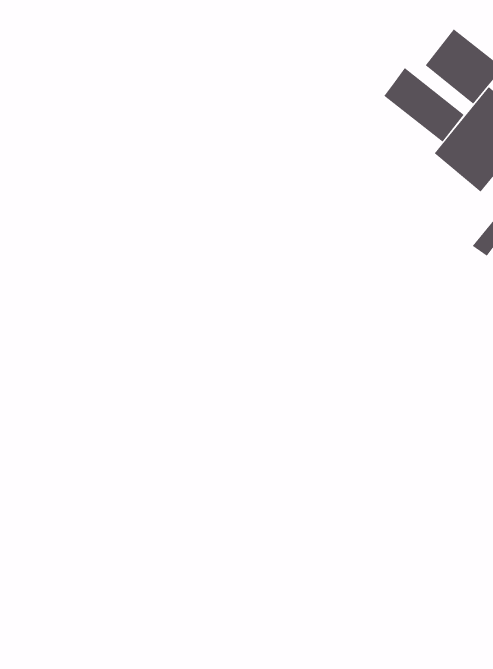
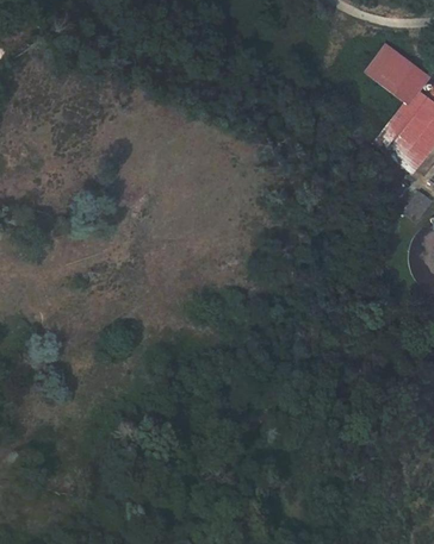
building: [383,67,465,142] -> none

